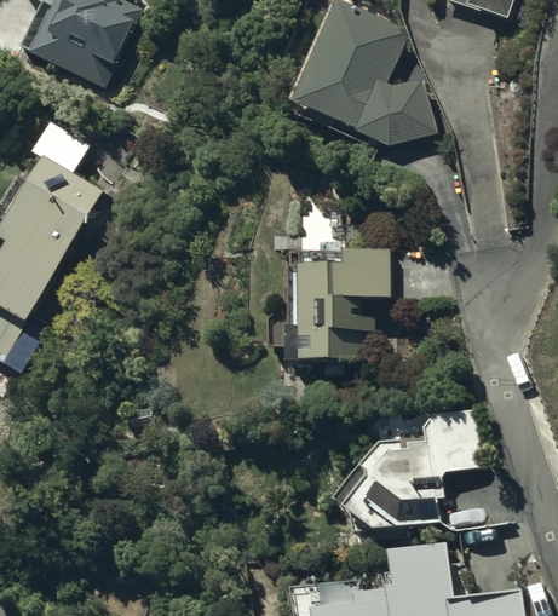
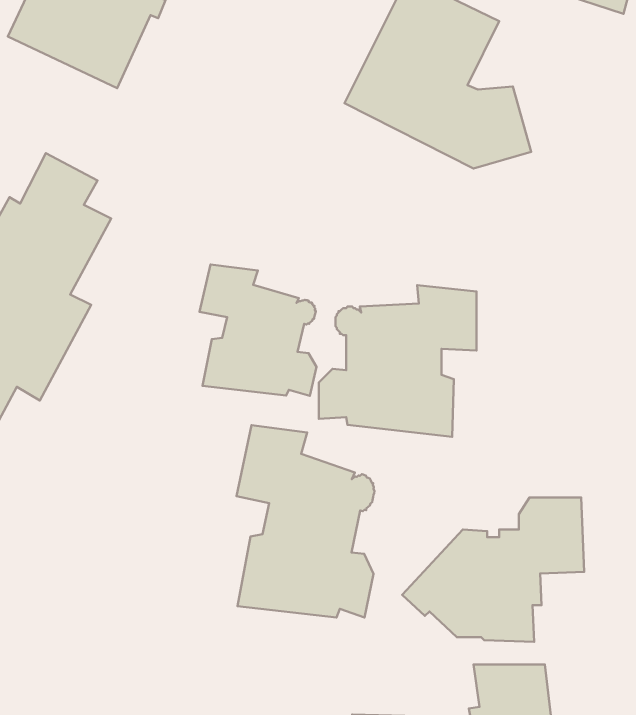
building: none -> [200,264,317,396]
building: none -> [237,425,374,618]

